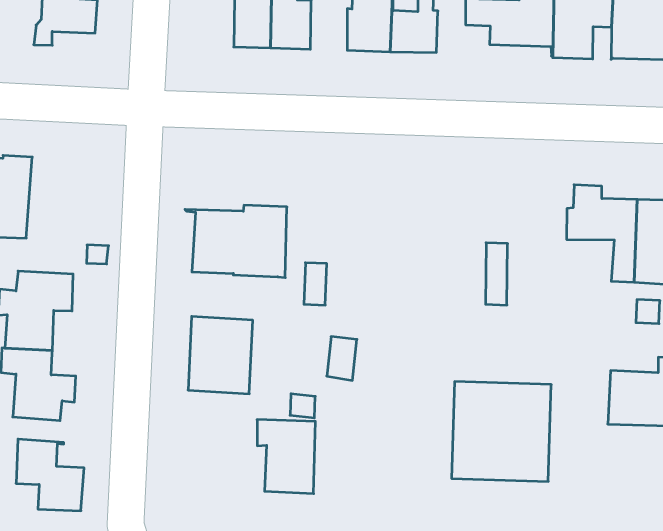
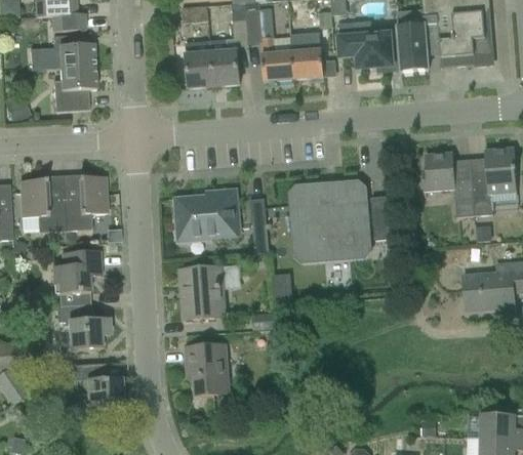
building: none -> [63,174,107,230]
building: [452,382,551,481] -> [295,187,365,256]
building: [257,420,315,494] -> [186,344,229,395]

